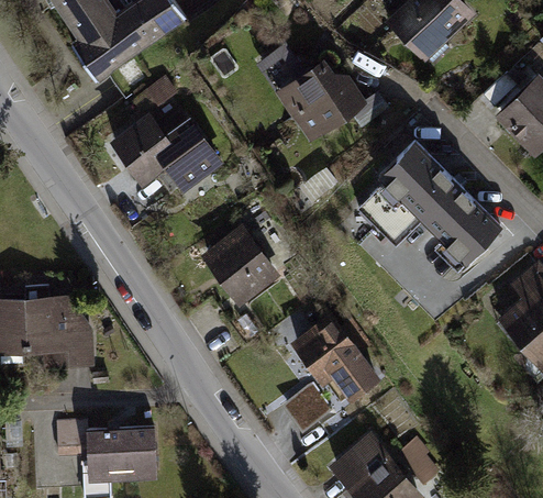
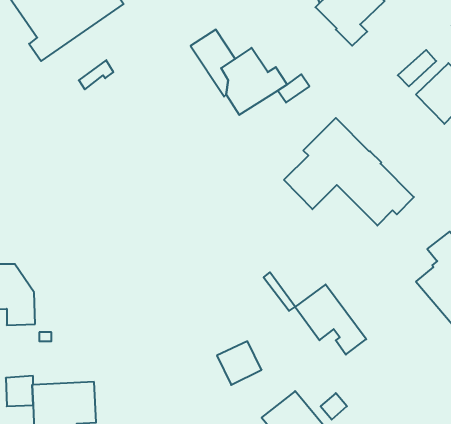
building: [115,118,218,187] -> none
building: [209,231,274,294] -> none
building: [298,319,375,395] -> [295,284,366,355]

